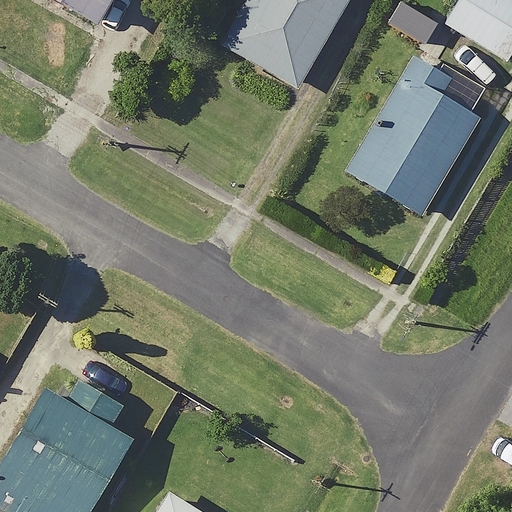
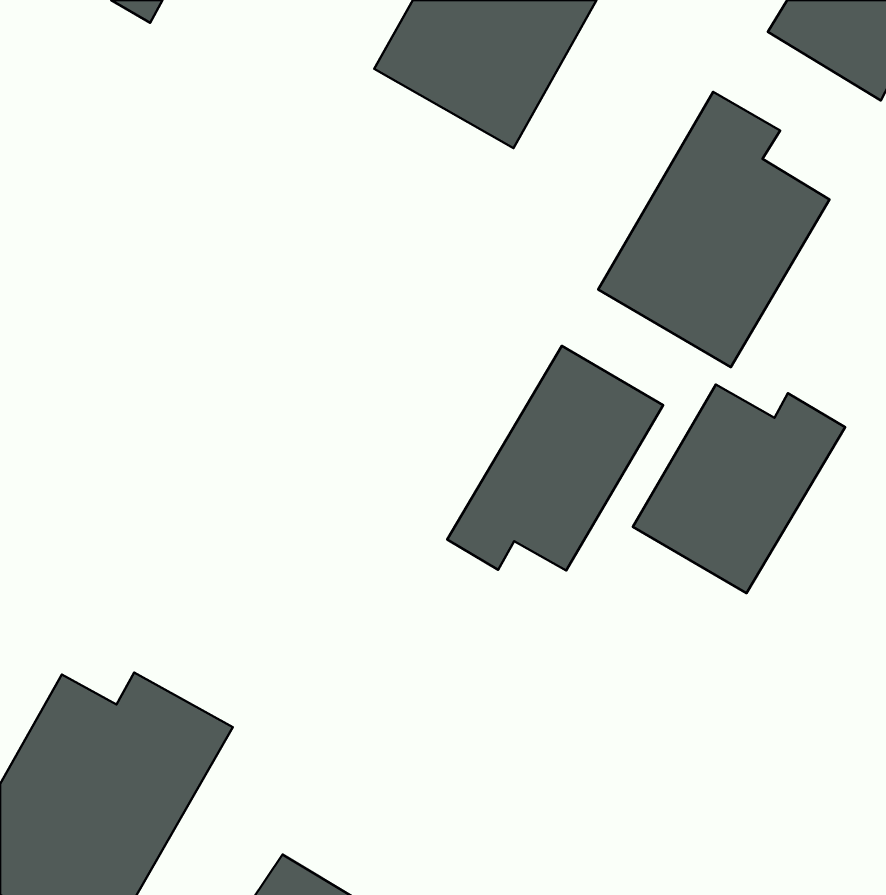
building: none -> [447,346,663,571]
building: none -> [633,385,845,593]

